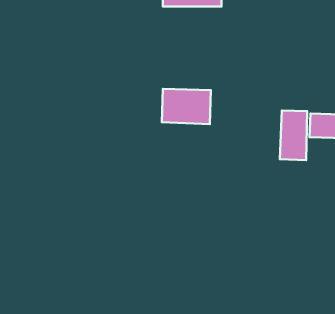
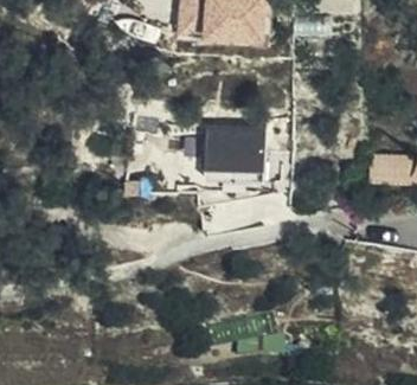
building: [280,111,307,160] -> none

